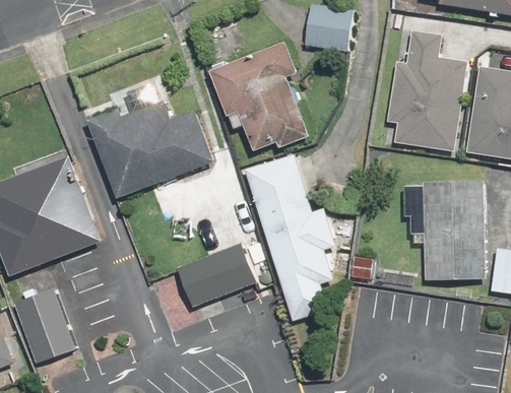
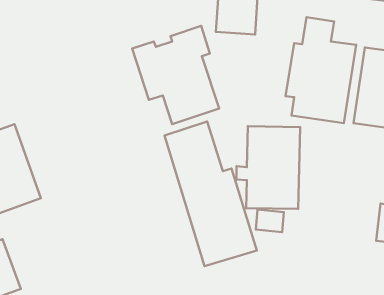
building: [86,93,214,197] -> none
building: [411,182,486,278] -> [236,126,300,209]
building: [188,236,267,301] -> none

